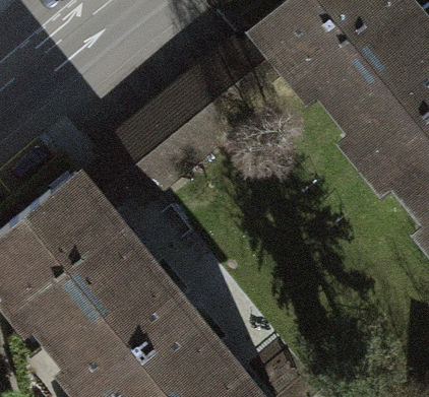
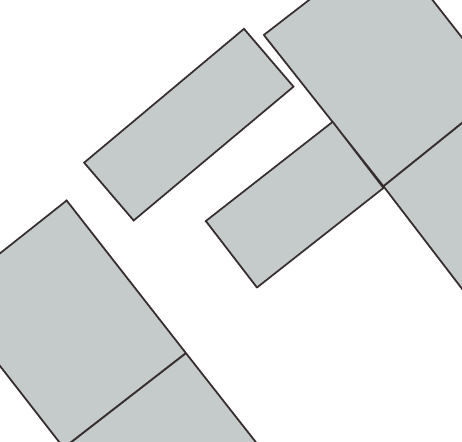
building: none -> [206,122,384,287]

